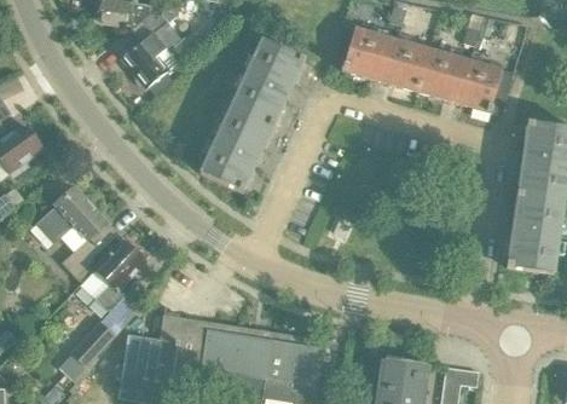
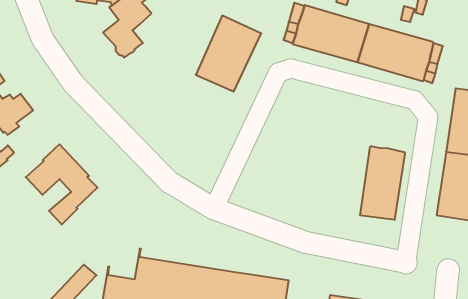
building: [199,105,273,192] -> none
building: none -> [360,146,405,220]
building: [93,239,145,312] -> none

